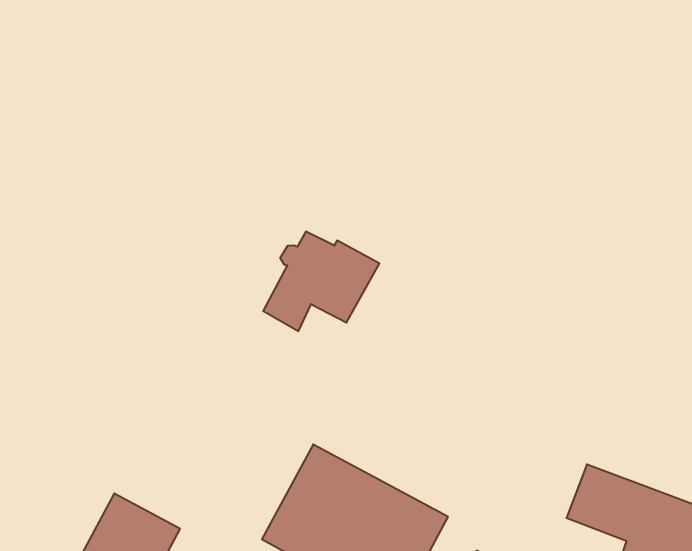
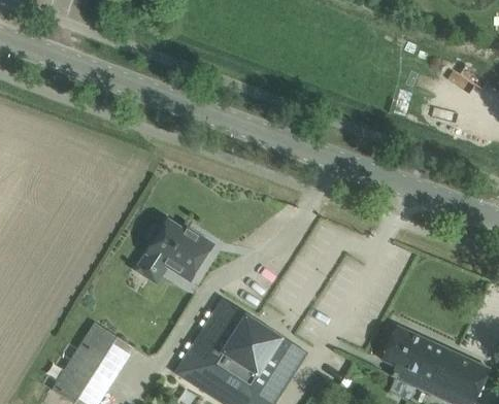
building: [263,232,379,331] -> [136,222,212,284]

